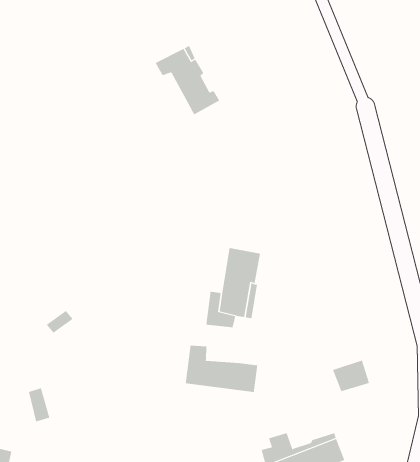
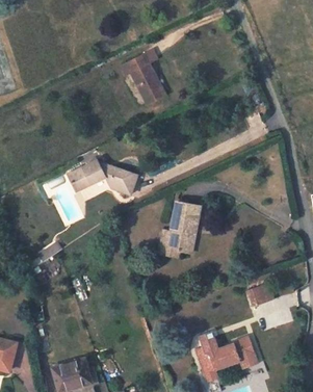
building: none -> [75,160,140,194]
building: [185,345,258,393] -> none

